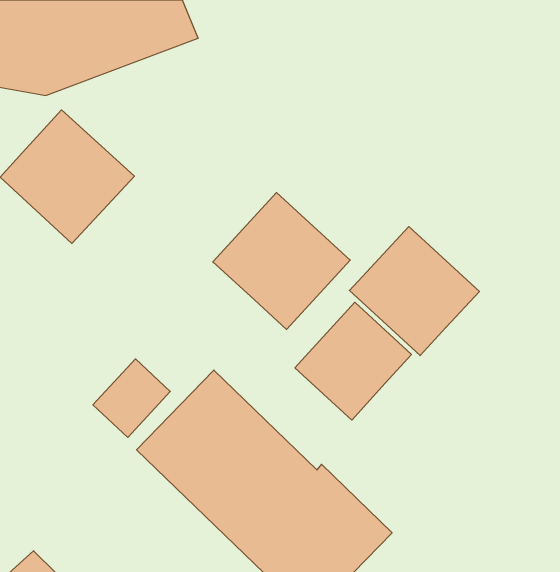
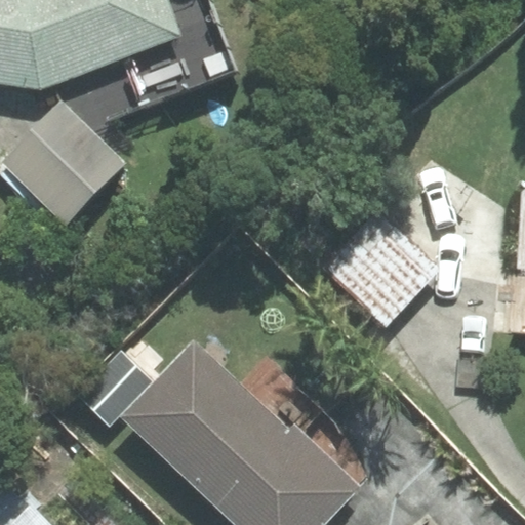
building: [213,193,350,329] -> none
building: [295,302,411,420] -> none

